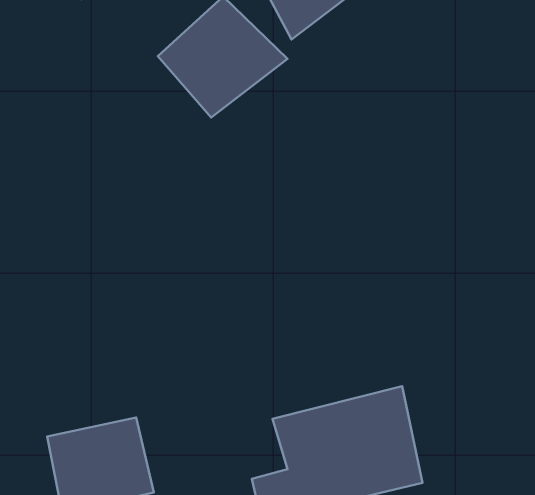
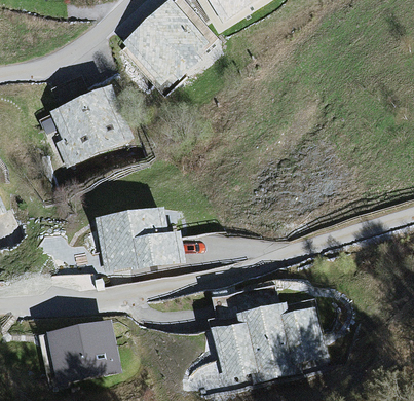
building: none -> [46,83,139,178]
building: none -> [92,202,183,278]

